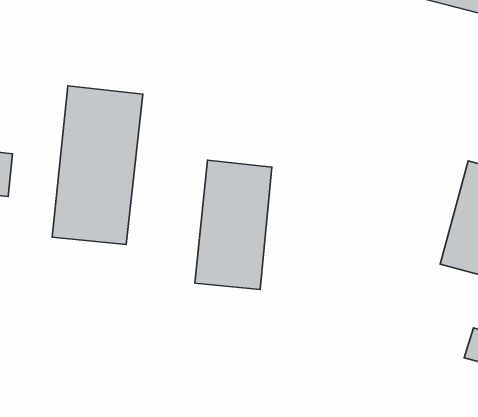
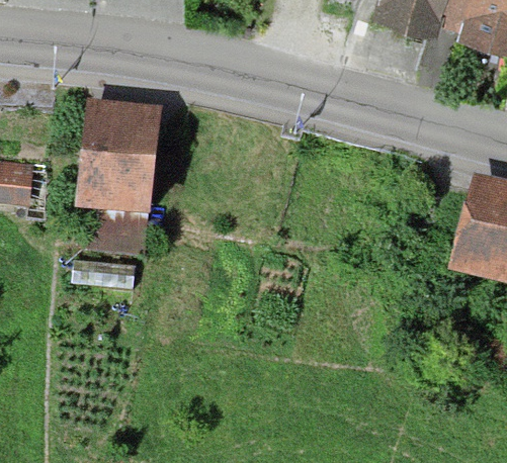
building: [195,160,272,289] -> none

